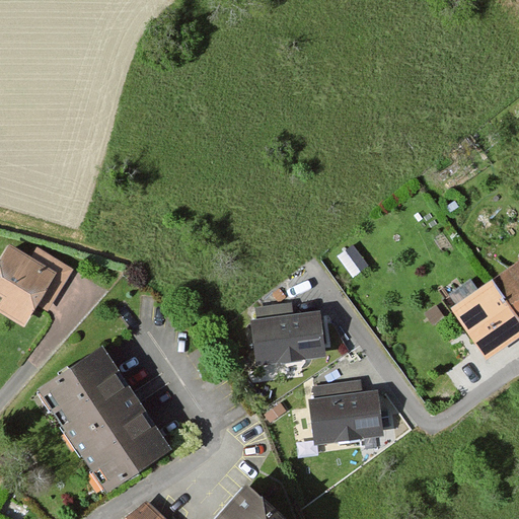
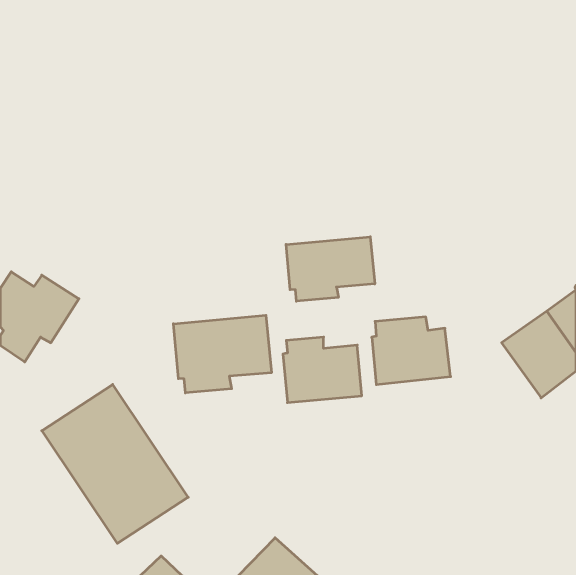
building: none -> [286,237,375,301]
building: none -> [173,315,271,393]
building: [311,381,382,442] -> [372,317,451,385]

